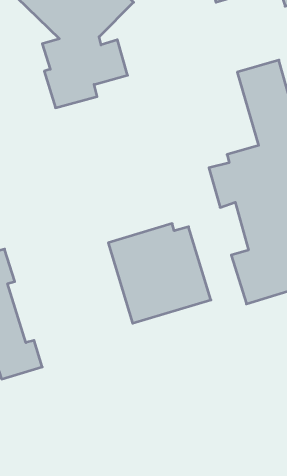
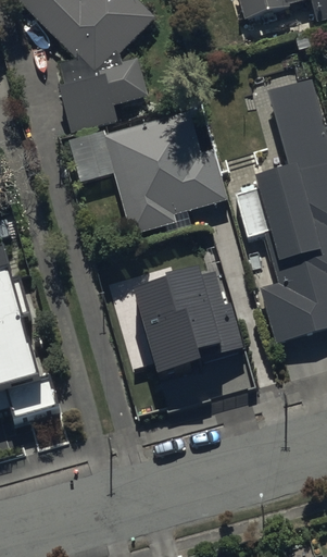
building: none -> [70,108,227,234]

